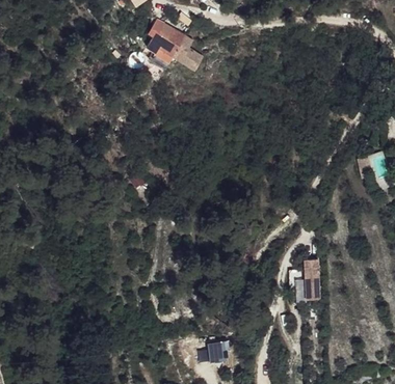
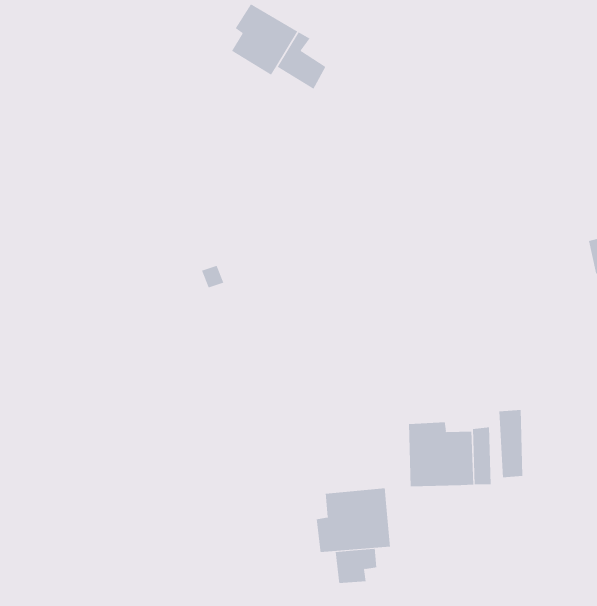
building: none -> [409,421,474,487]
building: none -> [316,488,390,553]

